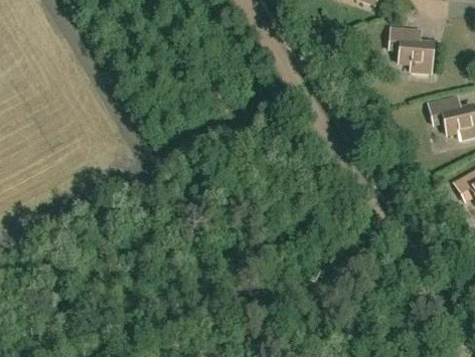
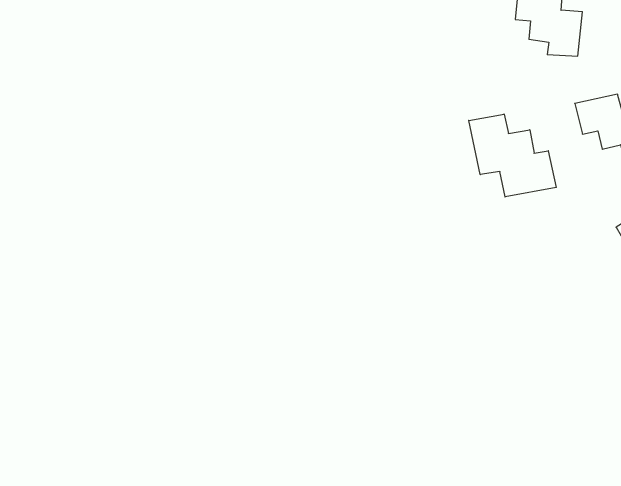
building: none -> [469,114,556,197]

